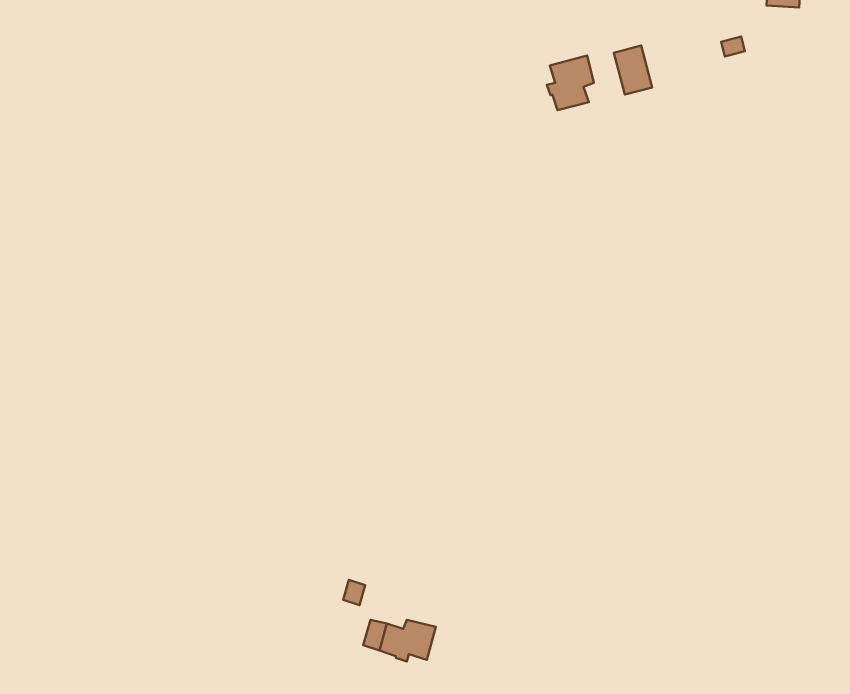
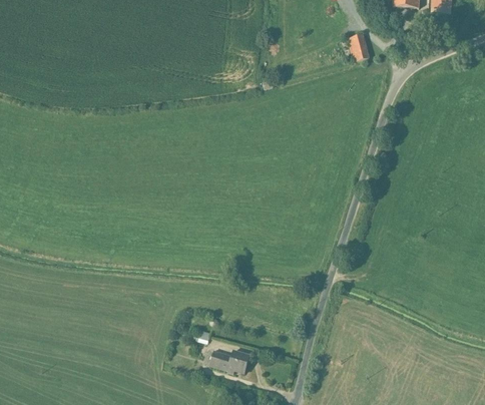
building: [547,56,594,110] -> none

